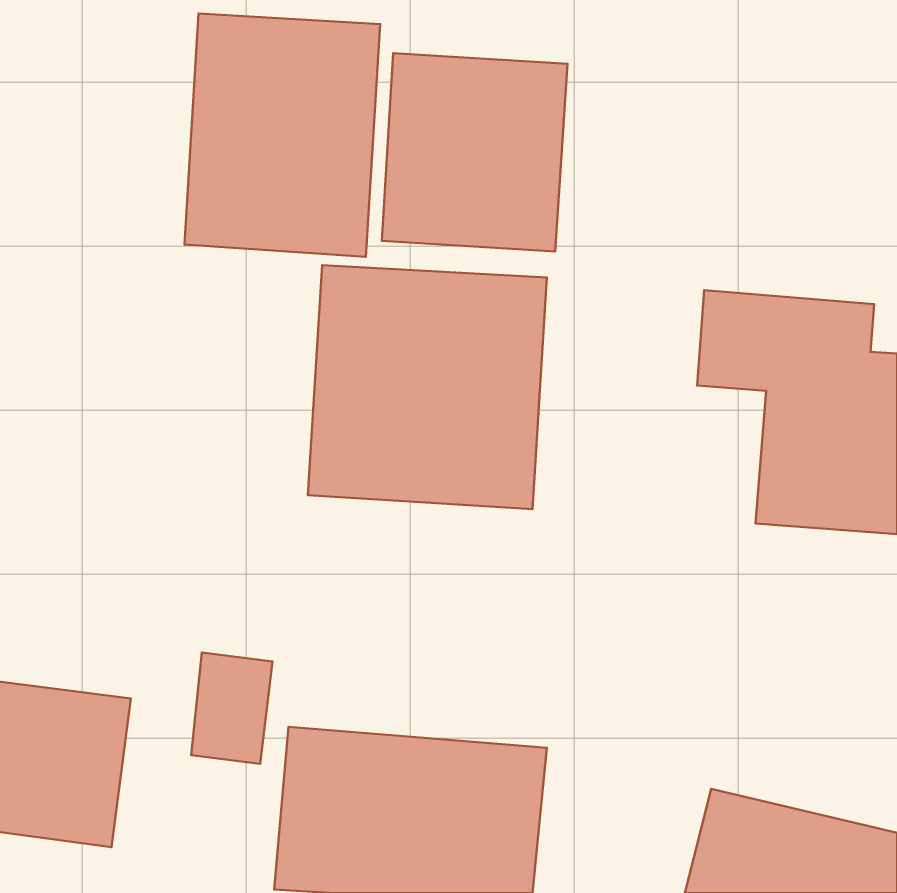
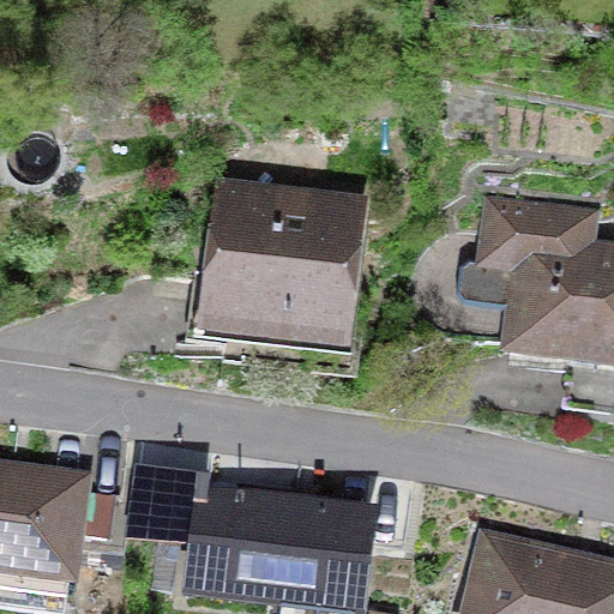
building: [185,14,380,257] -> none
building: [382,53,568,251] -> none

